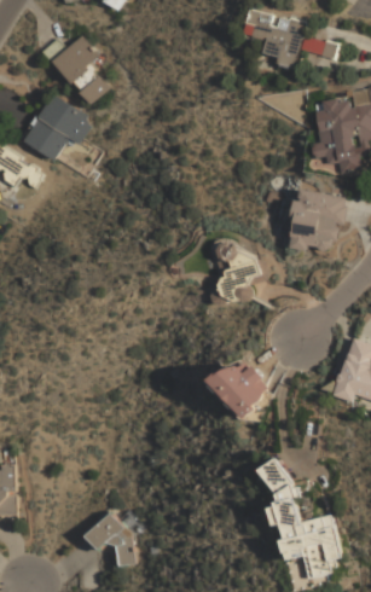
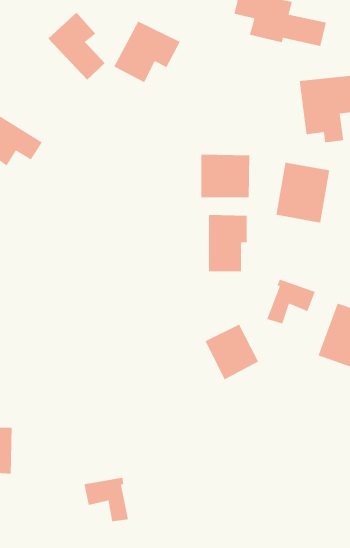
building: [23,94,93,159] -> [113,20,181,83]
building: none -> [200,154,250,198]
building: none -> [266,278,316,325]
building: [259,457,342,578] -> none

